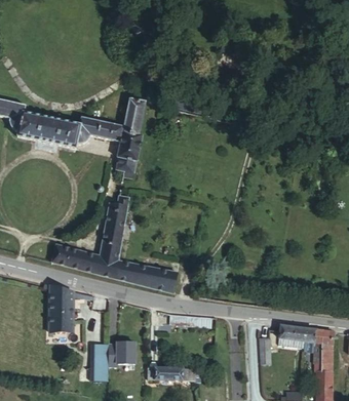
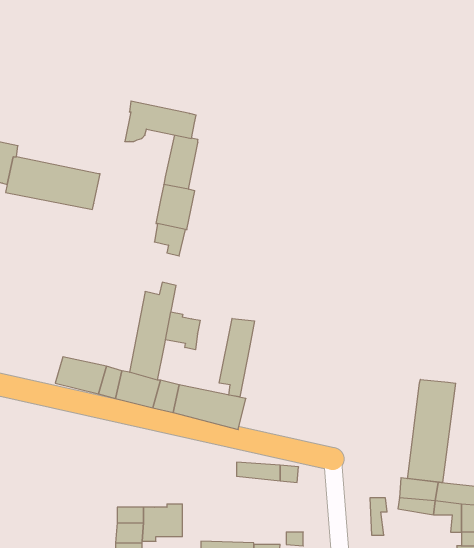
building: [77,116,124,143] -> [125,101,196,141]
building: none -> [166,312,200,350]
building: none -> [219,318,254,397]
building: none -> [407,379,456,482]
building: [49,285,74,331] -> none

